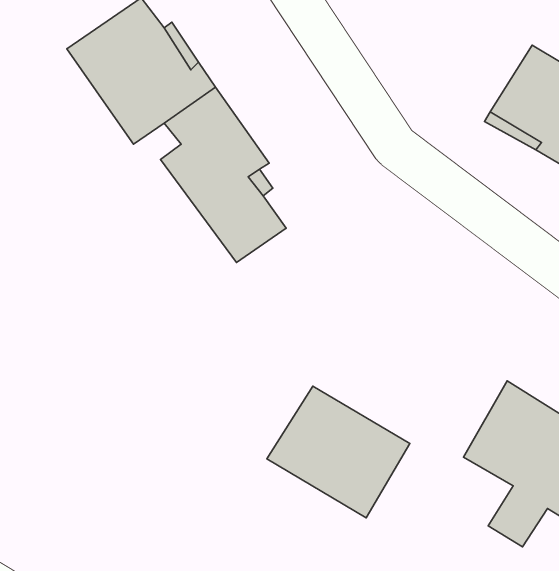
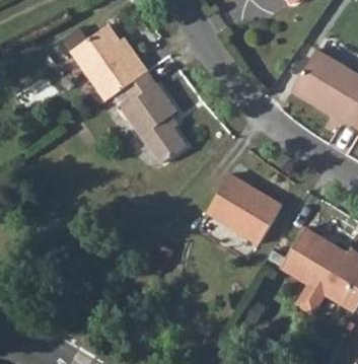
building: [267,386,410,518] -> [206,174,282,244]

